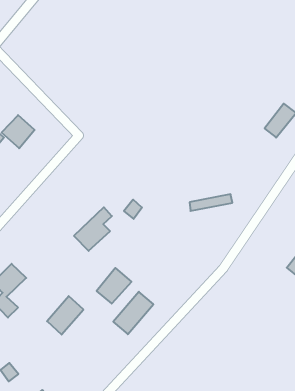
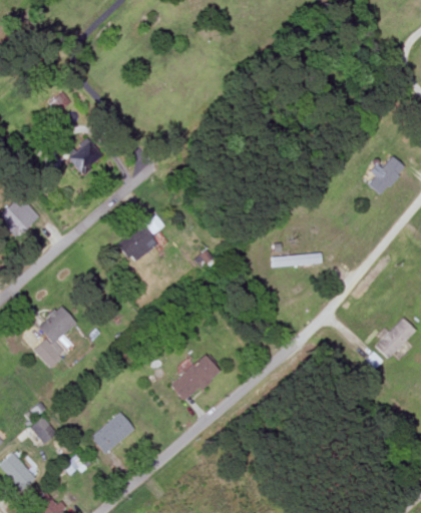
building: [74,207,112,251] -> [116,215,162,264]
building: [97,268,131,304] -> none
building: [47,296,83,335] -> [90,411,133,454]

